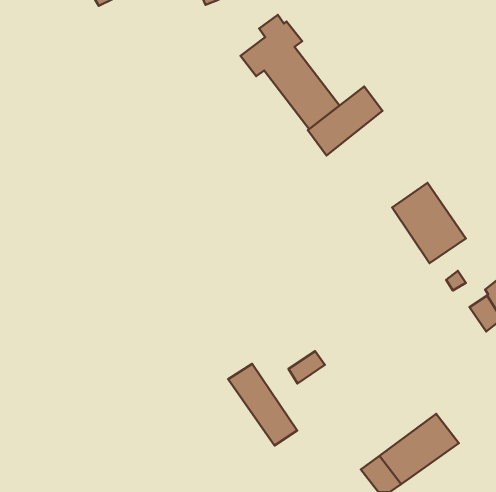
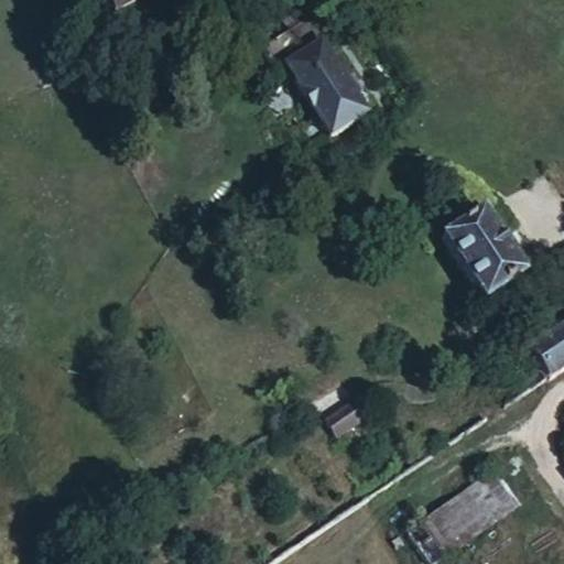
building: [308,87,382,155] -> none
building: [228,364,297,445] -> none

